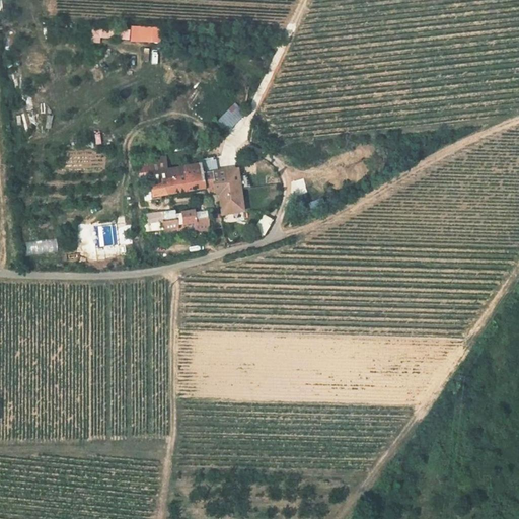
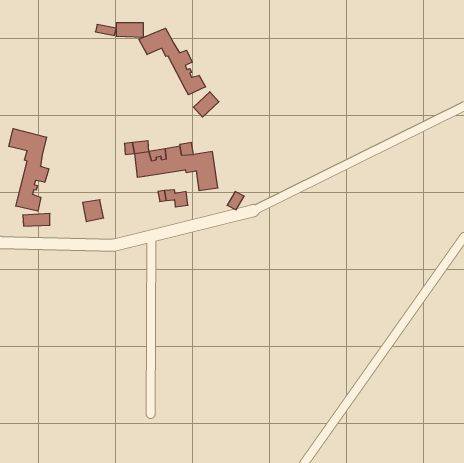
building: none -> [139,28,206,95]
building: none -> [9,129,49,211]

